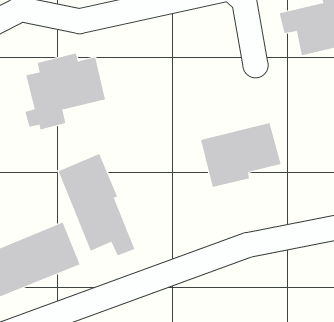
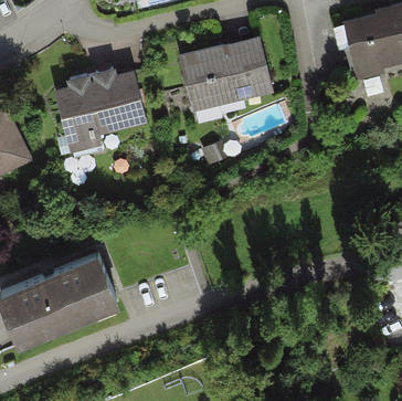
building: [200,122,281,188] -> [181,38,269,108]
building: [58,153,135,256] -> none

